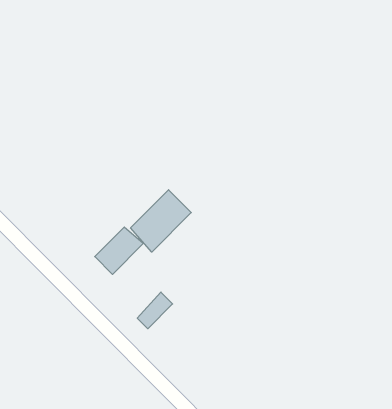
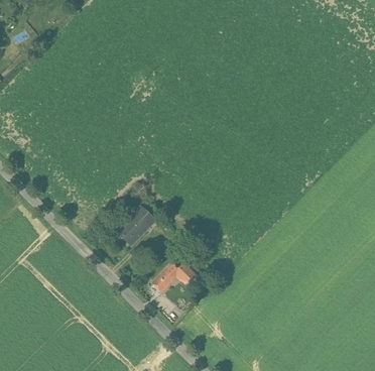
building: [131,190,191,252] -> none

